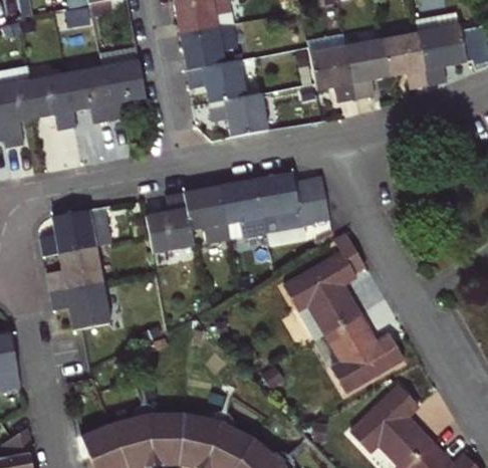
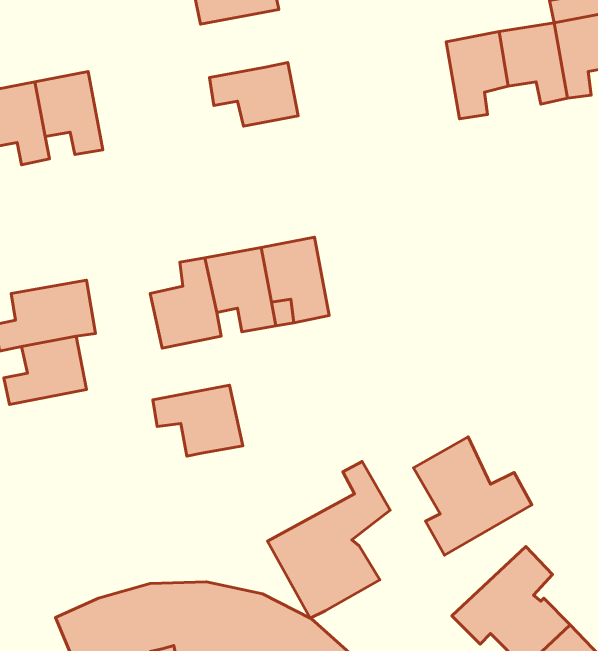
building: [180,23,237,69] -> none
building: [100,44,148,119] -> none
building: [309,45,355,100] -> none
building: [209,92,268,137] -> none
building: [257,172,318,231] -> none
building: [285,233,369,339] -> [267,461,390,618]
building: [50,281,111,329] -> [153,385,243,456]

